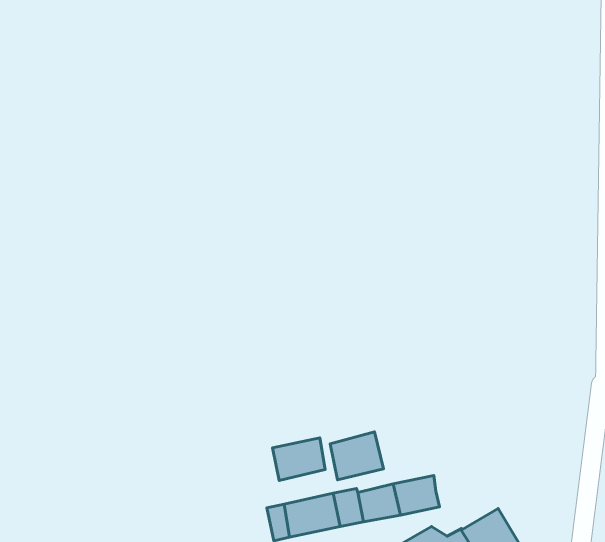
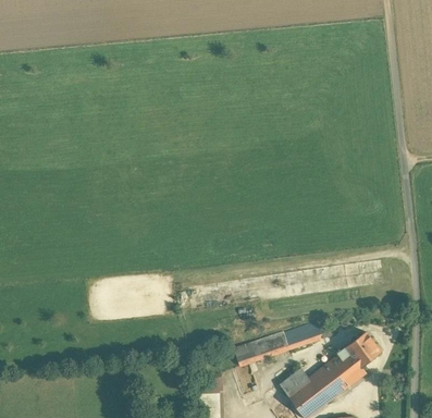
building: [330,432,383,480] -> none
building: [272,438,325,481] -> none

